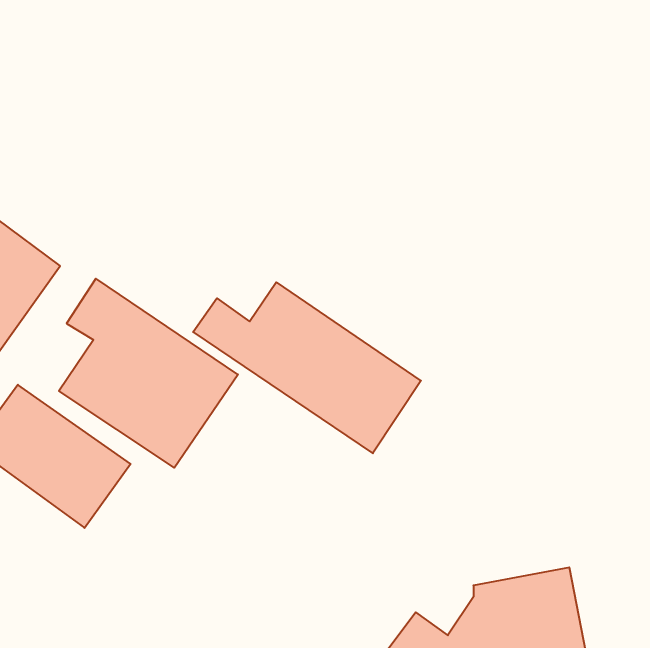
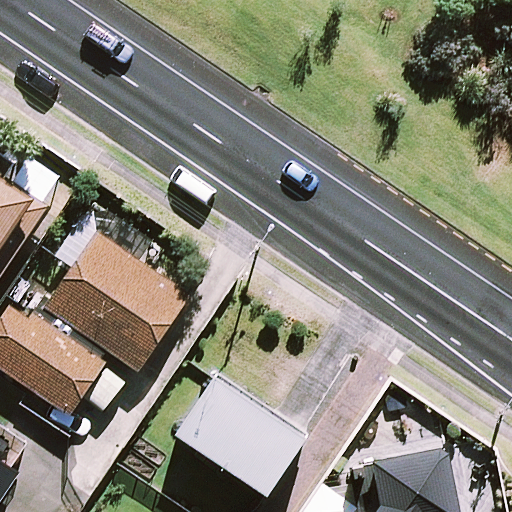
building: [193,282,421,453] -> none
building: none -> [178,375,307,495]

